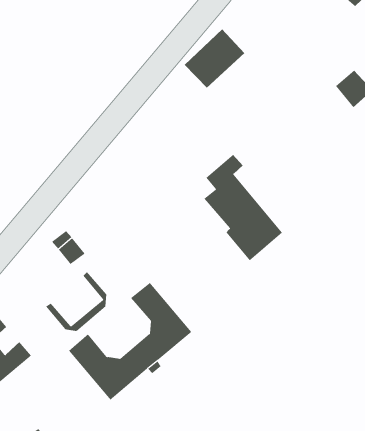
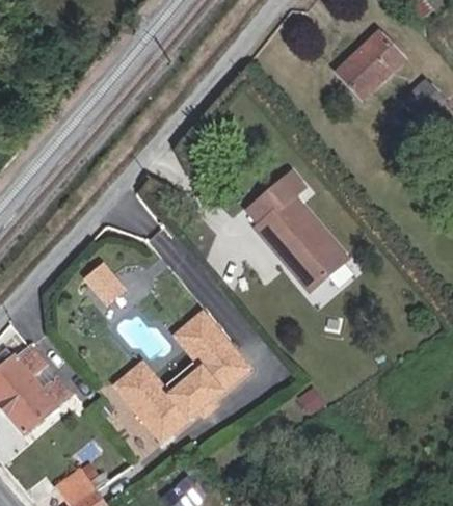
building: [184,28,245,89] -> [338,31,404,97]
building: [45,271,107,331] -> [134,329,202,395]

